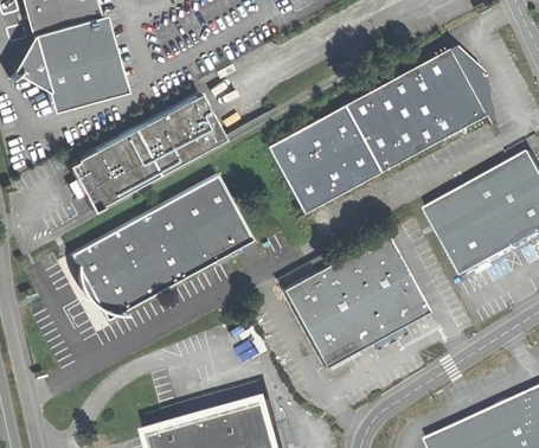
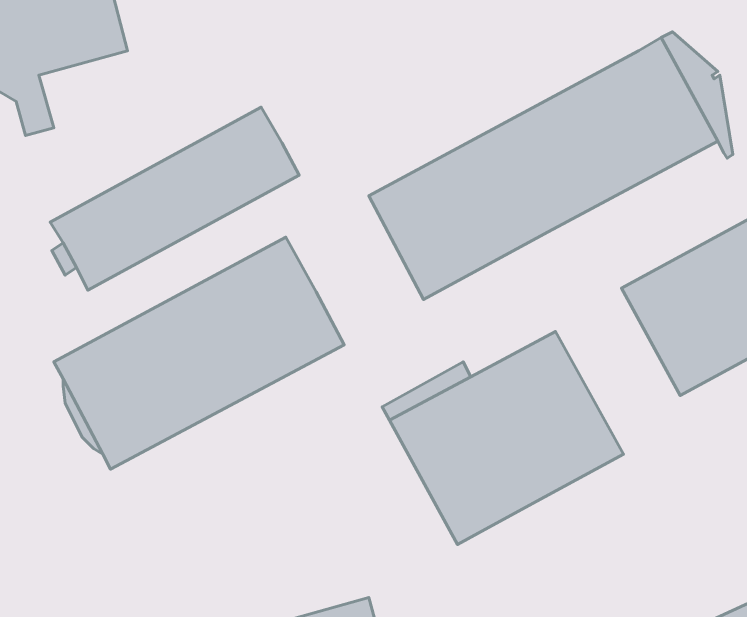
building: [60,57,126,105] -> none

